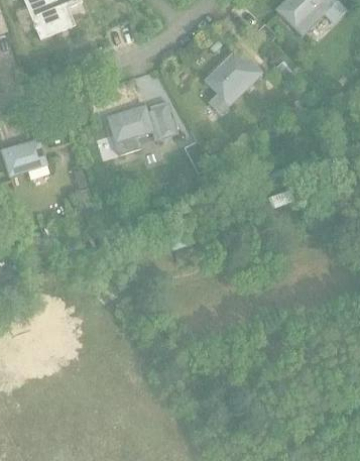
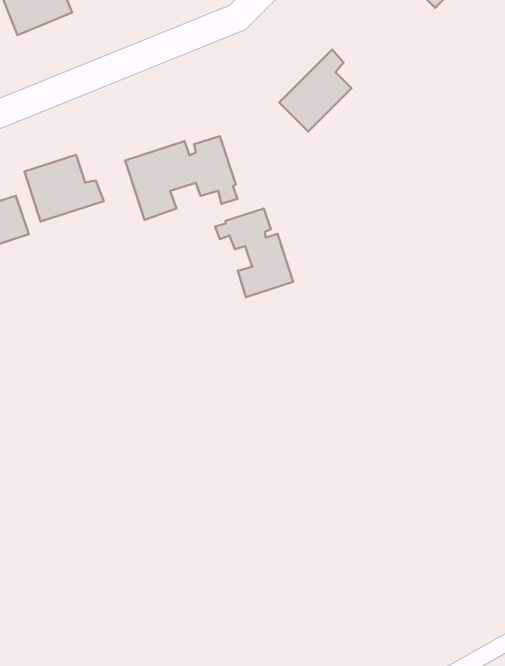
building: none -> [24,155,104,221]
building: none -> [215,209,293,297]

